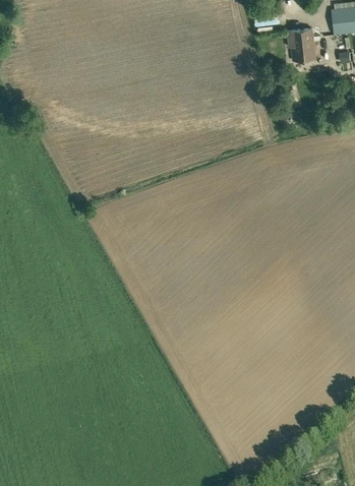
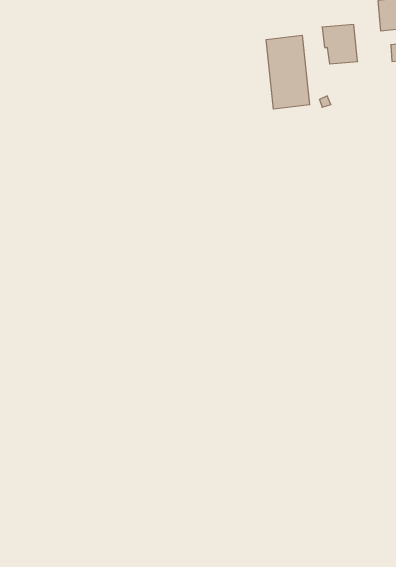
building: none -> [266,35,310,109]

